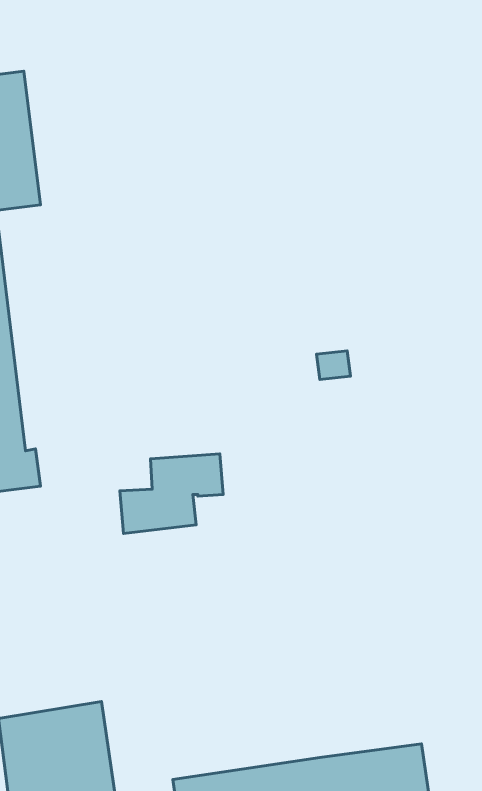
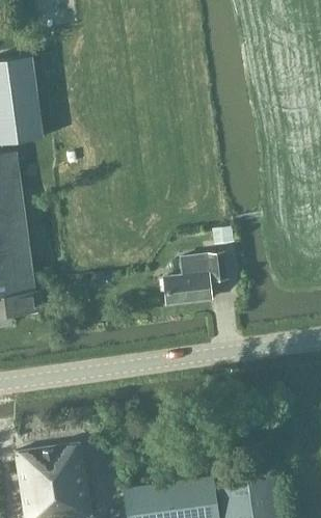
building: [120,454,223,533] -> [164,255,228,304]

